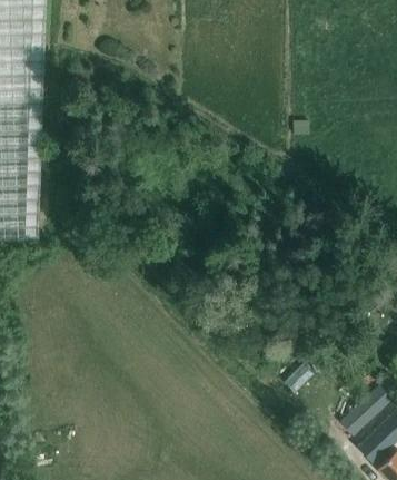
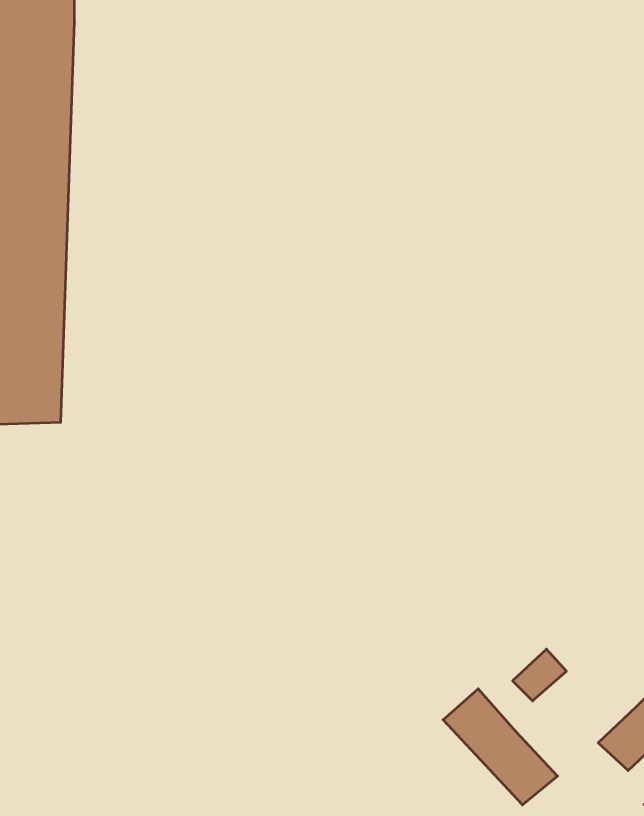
building: none -> [443,689,558,805]

